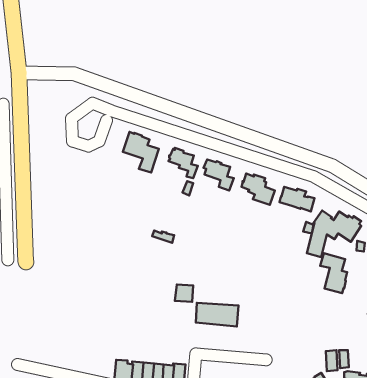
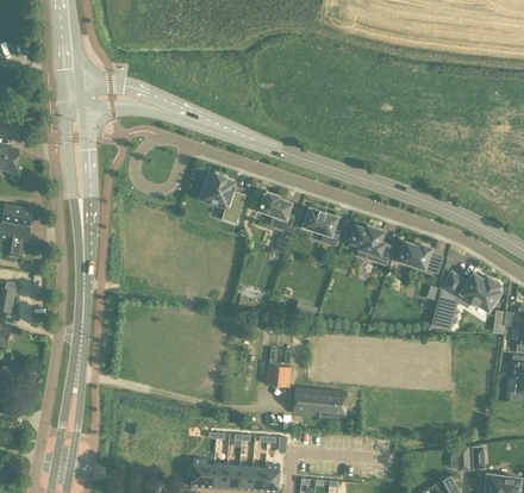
building: [320,253,347,293] -> none

